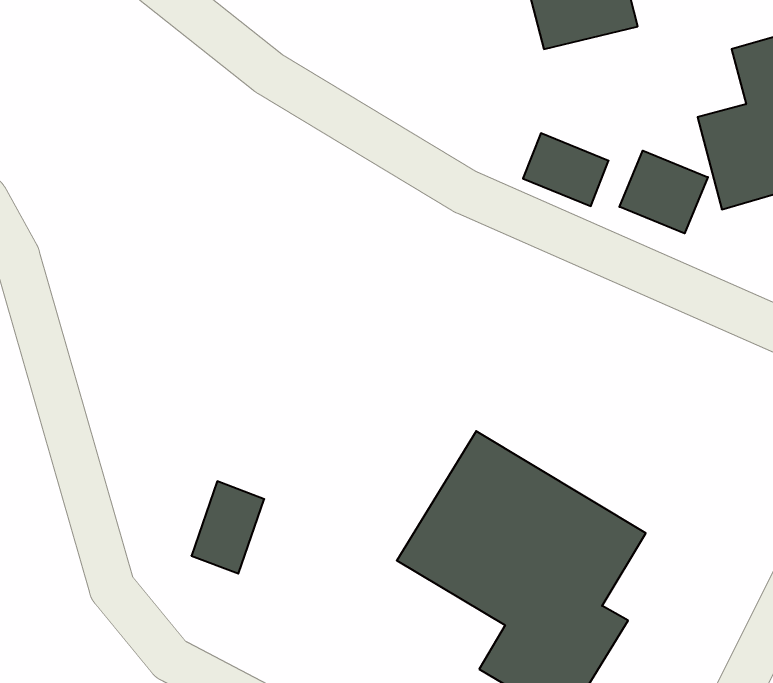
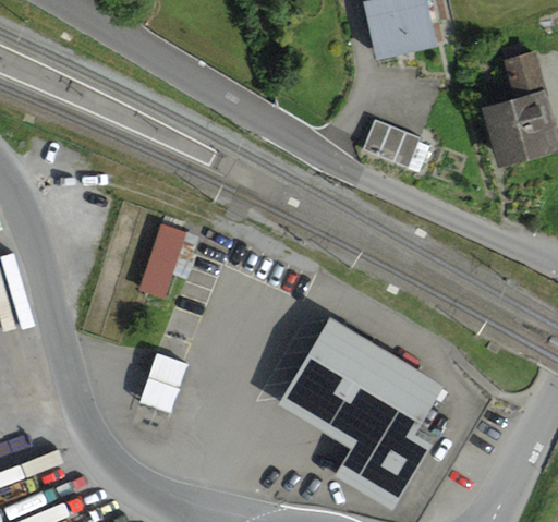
building: [619,151,708,233] -> none
building: none -> [136,221,197,300]

